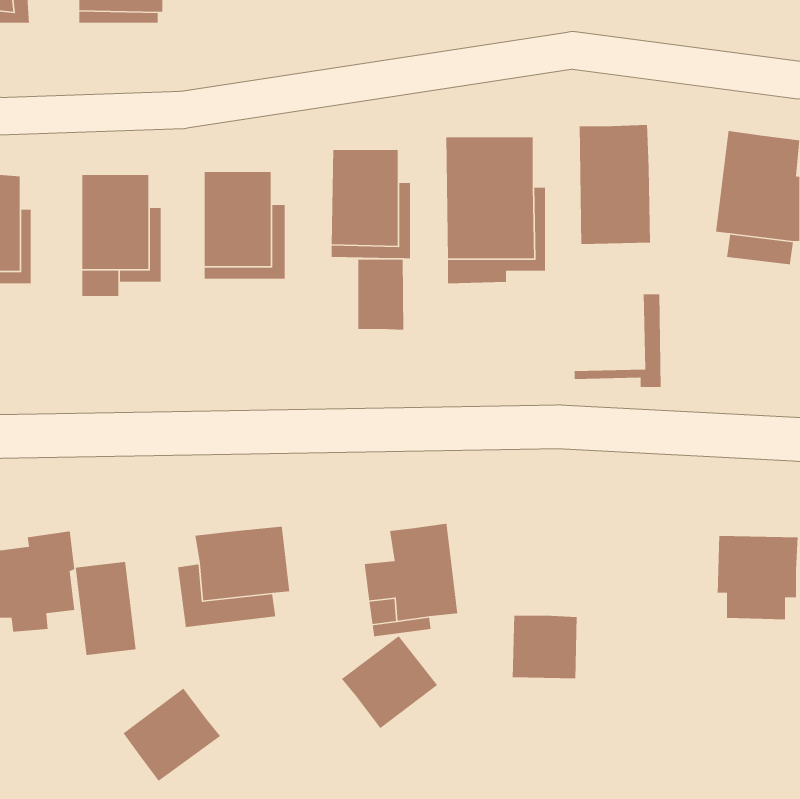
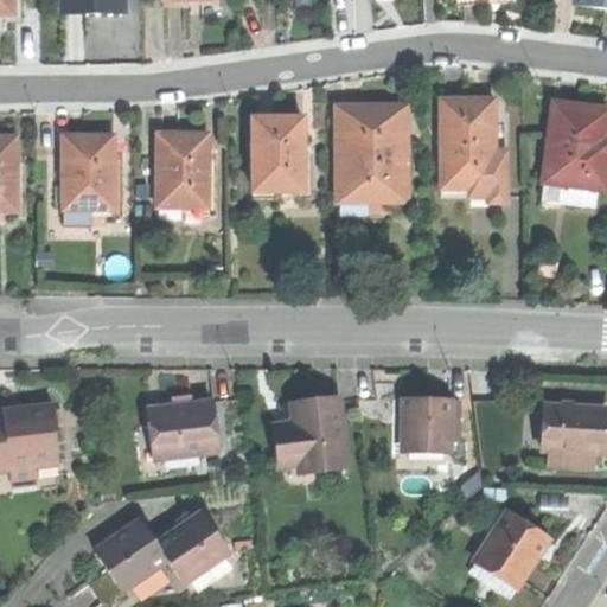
building: [357,259,404,331] -> none
building: [574,294,662,388] -> [439,127,505,198]
building: [75,561,137,656] -> none
building: [512,615,578,679] -> [400,395,449,443]
building: [341,635,438,729] -> [156,510,230,581]
building: none -> [479,507,552,581]

